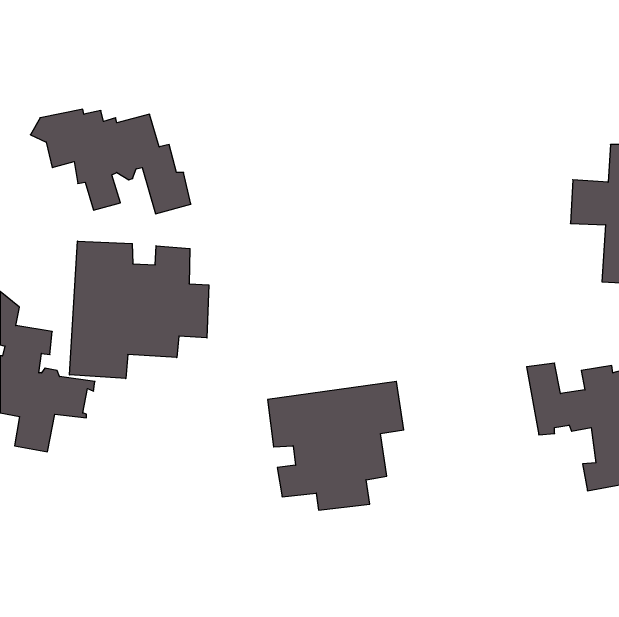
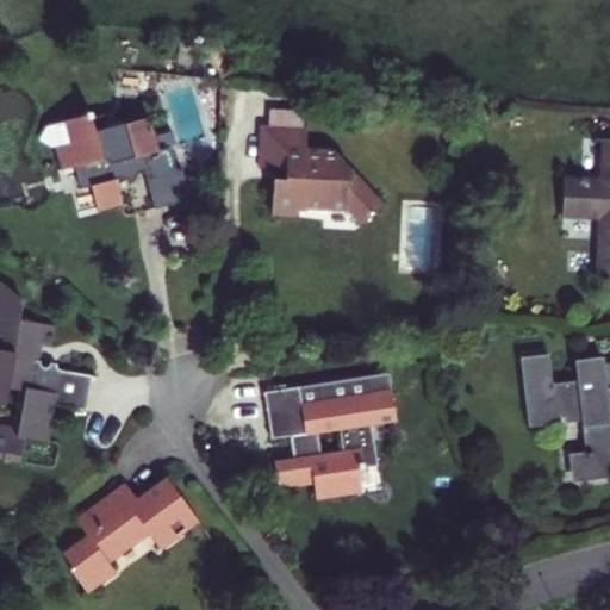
building: none -> [261,105,384,219]
building: [70,241,209,379] -> none
building: none -> [61,478,198,596]

